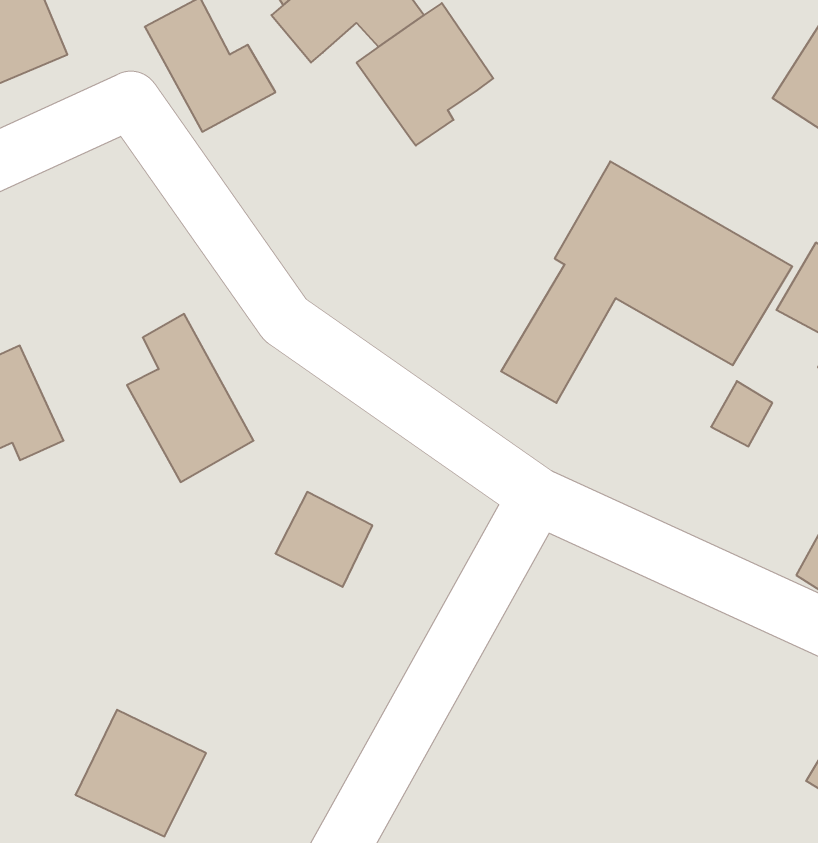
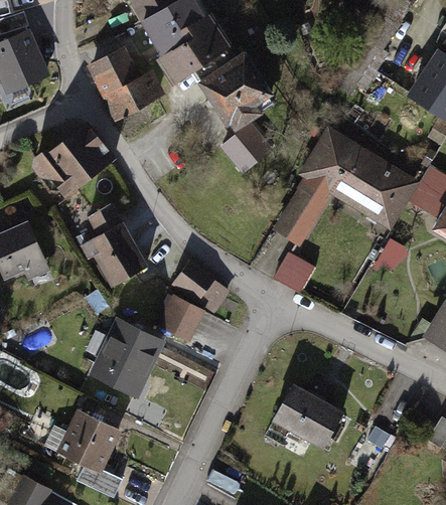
building: none -> [219,118,268,166]
building: none -> [29,123,110,200]
building: none -> [276,252,318,295]
building: none -> [175,259,231,312]
building: none -> [87,318,163,397]
building: none -> [270,383,340,447]

